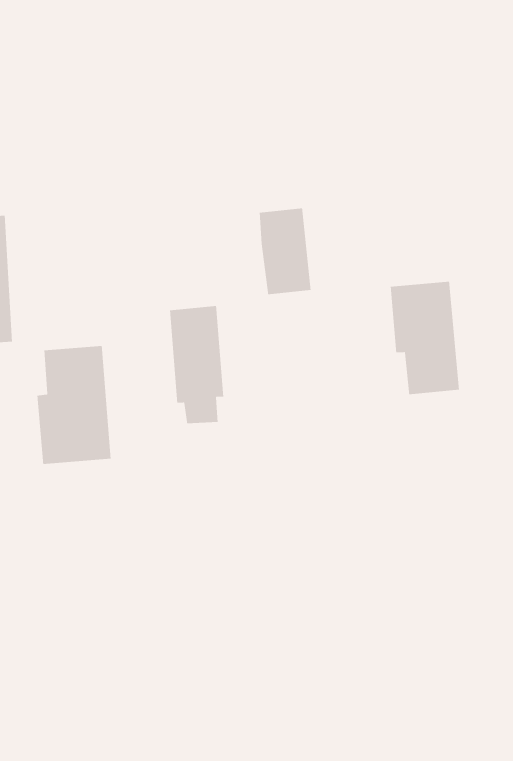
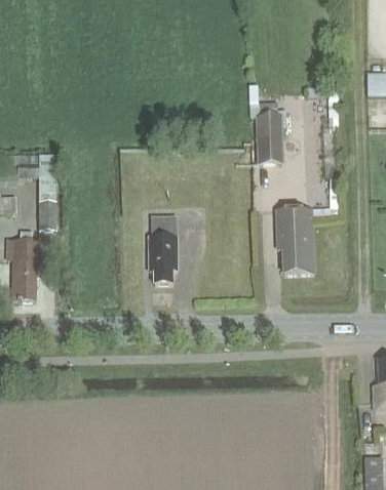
building: [259,208,312,295] -> [256,113,283,162]
building: [36,345,112,465] -> none

